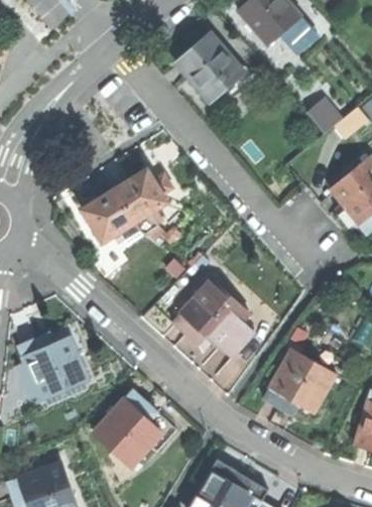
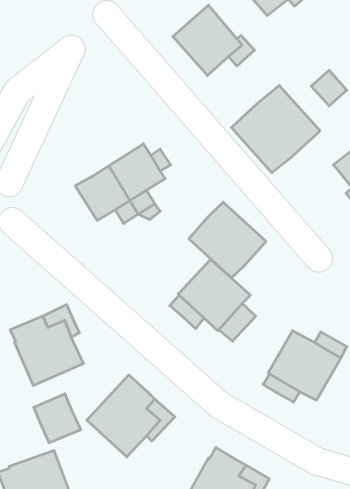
building: none -> [231,85,320,173]
building: none -> [189,202,266,278]
building: none -> [34,394,81,443]

